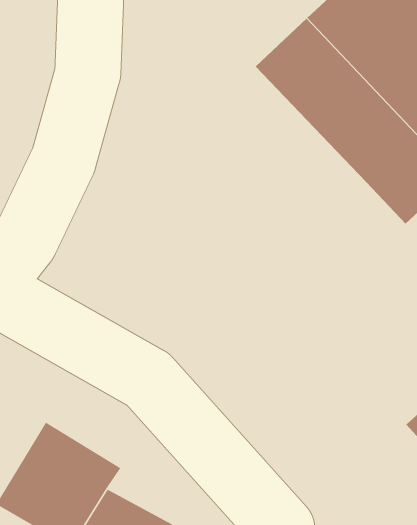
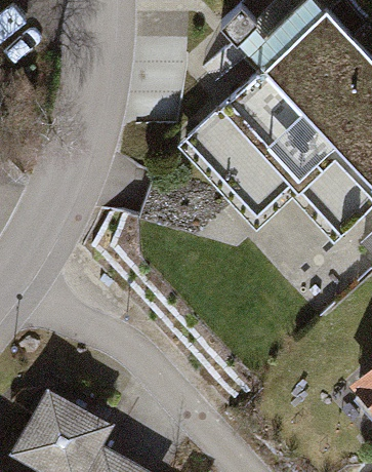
building: none -> [175,104,314,243]

